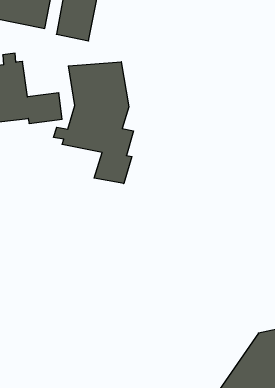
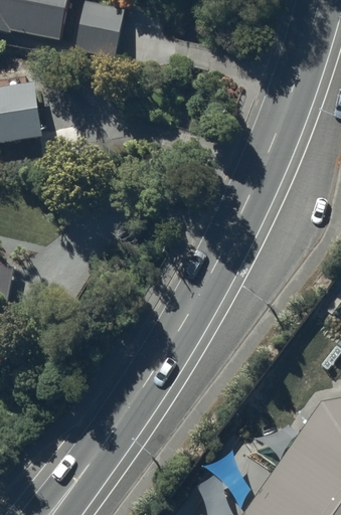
building: [54,62,133,184] -> none

